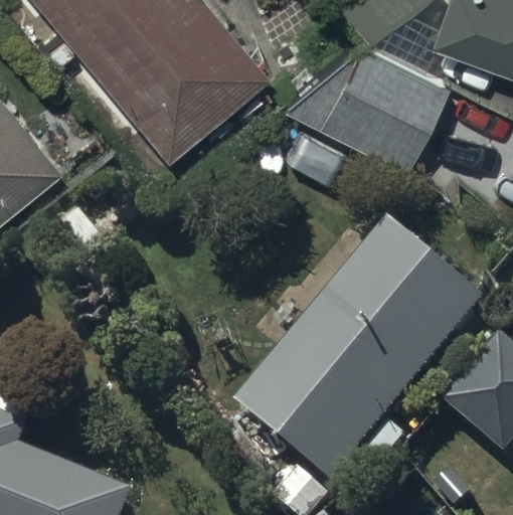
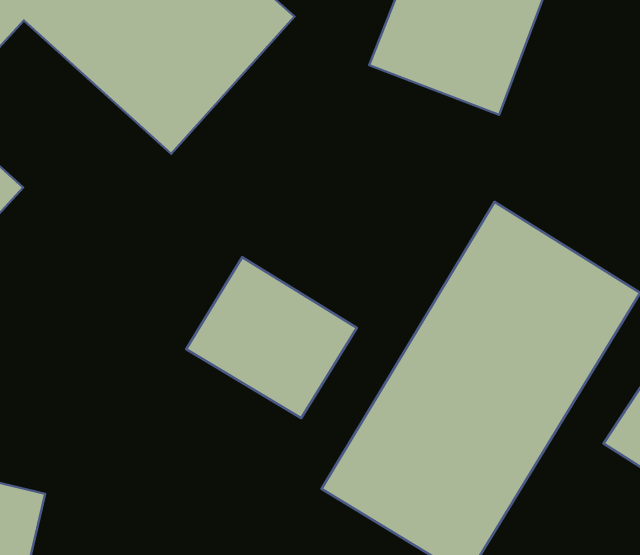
building: none -> [186,257,357,418]

